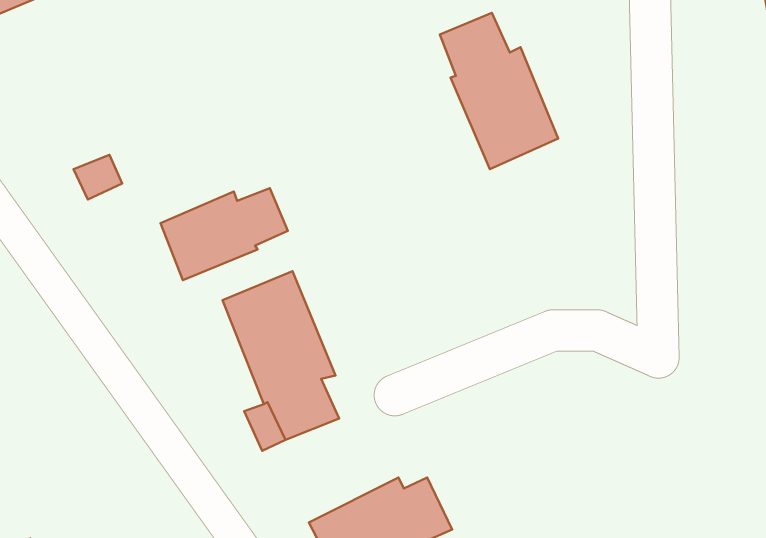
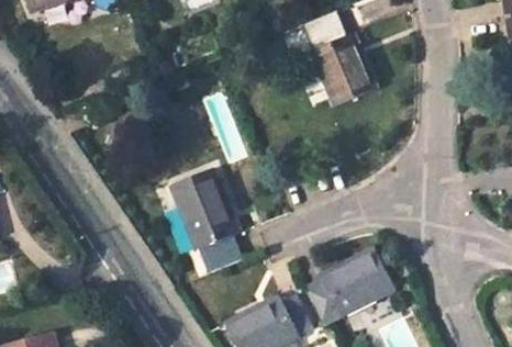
building: [160,188,288,280] -> none
building: none -> [305,247,392,321]

